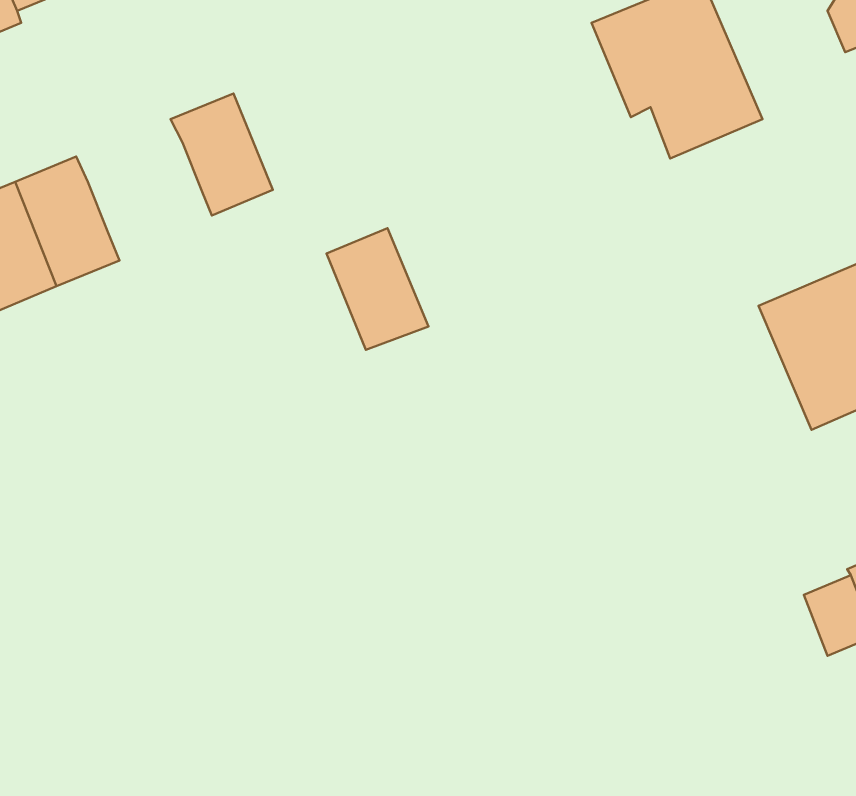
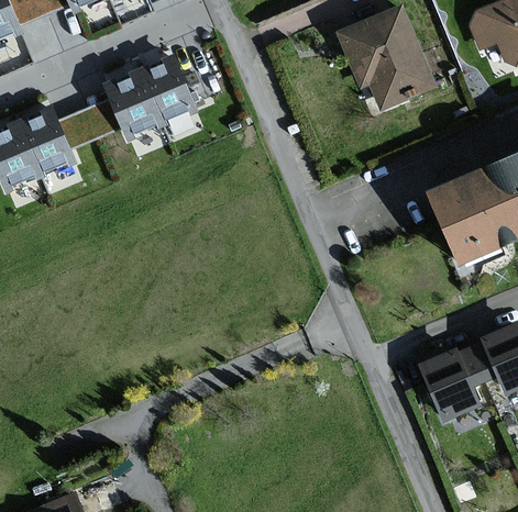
building: none -> [57,99,121,148]
building: [326,228,429,350] -> [139,57,196,125]
building: none -> [421,348,480,420]

